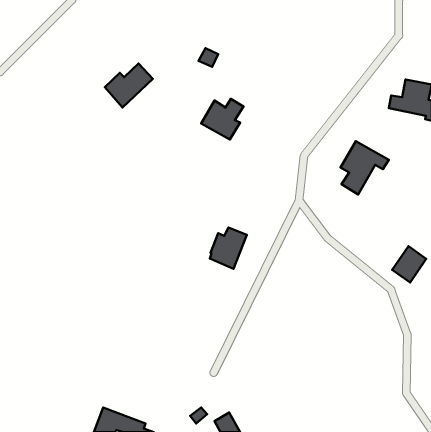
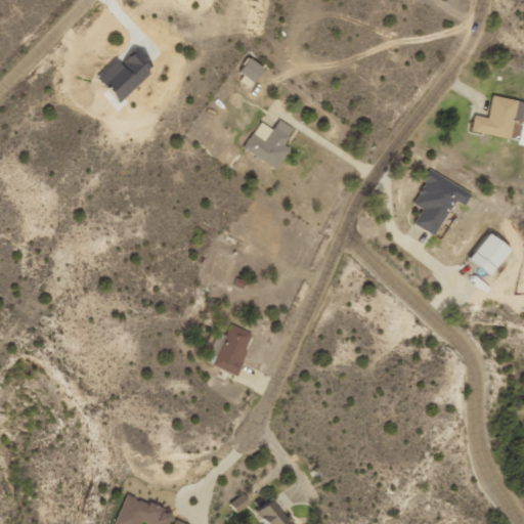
building: [105,64,153,108] -> [99,48,158,101]
building: [210,227,247,269] -> [209,324,254,375]
building: [392,246,426,282] -> [471,231,512,275]

